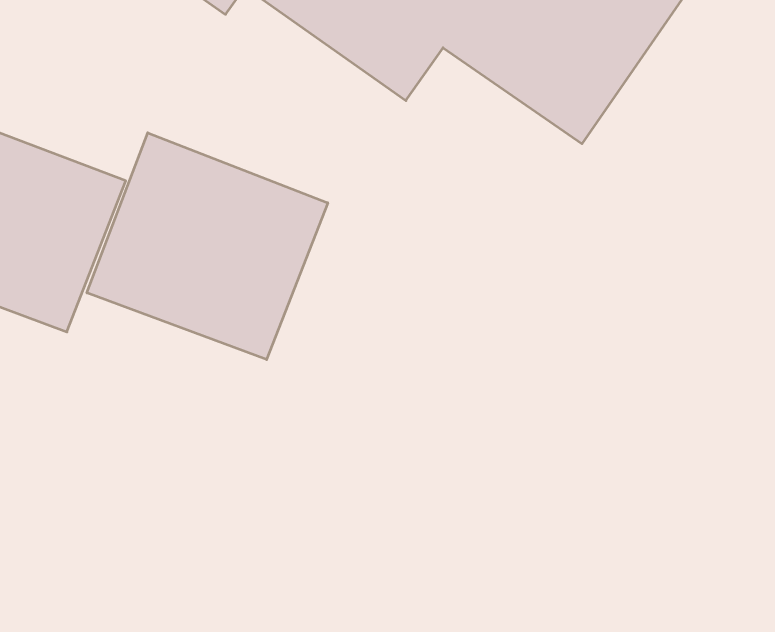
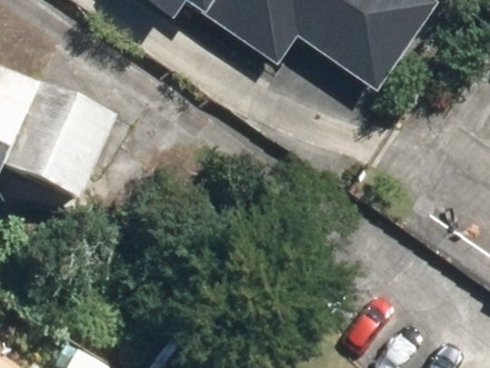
building: [87,133,328,360] -> none

